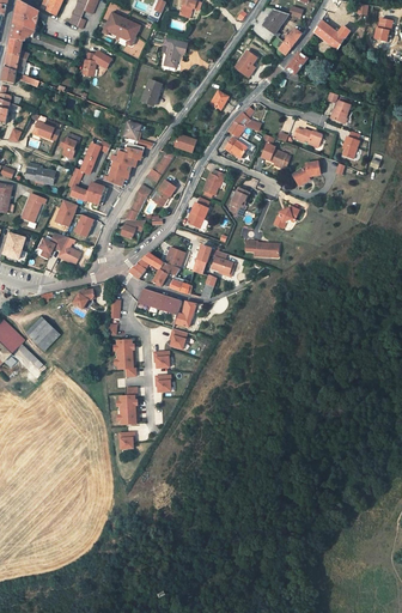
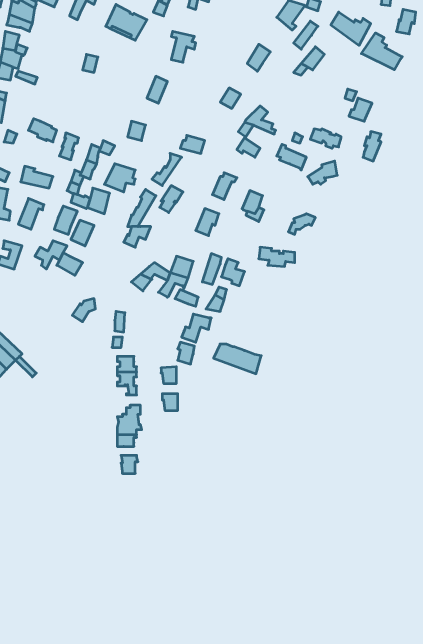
building: none -> [361,33,402,70]
building: [111,141,142,168] -> none
building: [136,289,181,316] -> [214,344,261,374]
building: [25,316,59,350] -> none

